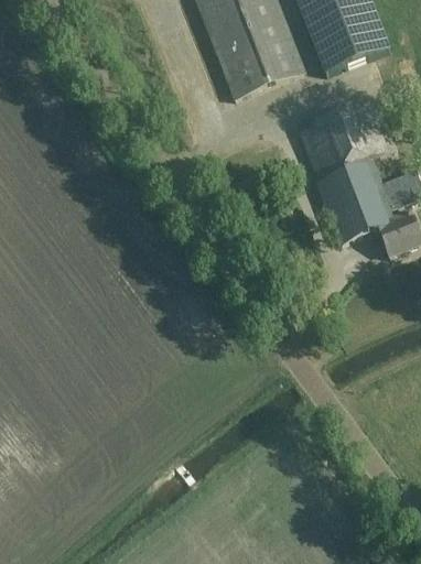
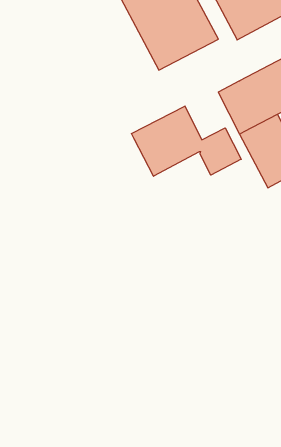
building: none -> [131,106,241,176]

